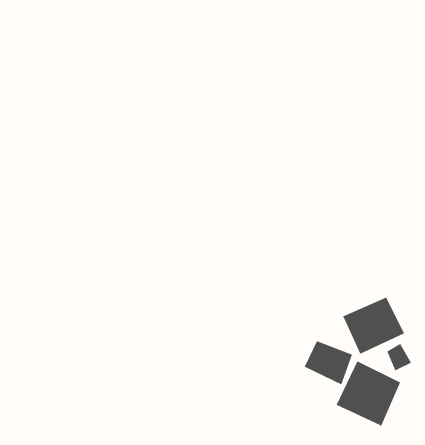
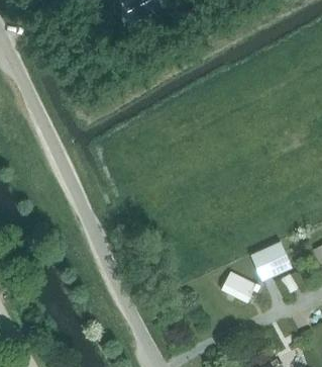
building: [336,360,401,427] -> none

